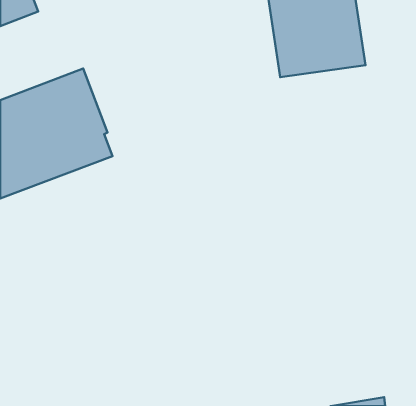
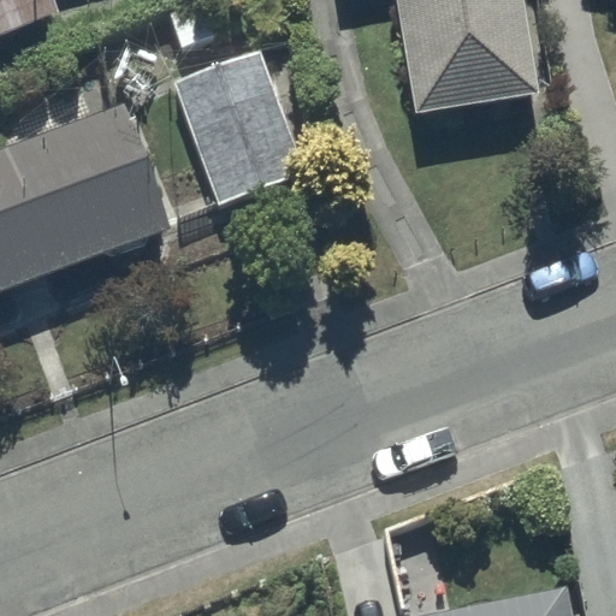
building: none -> [173,48,303,201]

